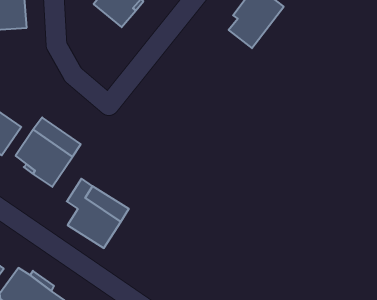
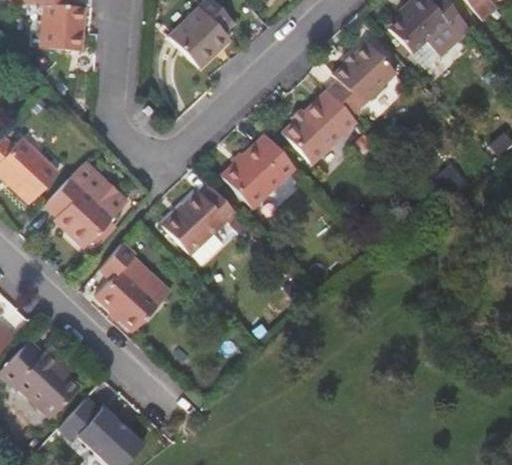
building: none -> [283,91,356,165]
building: none -> [222,136,297,210]
building: none -> [162,185,238,253]

